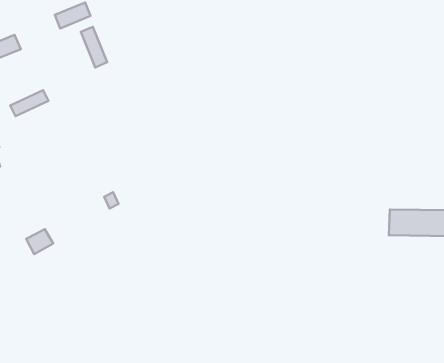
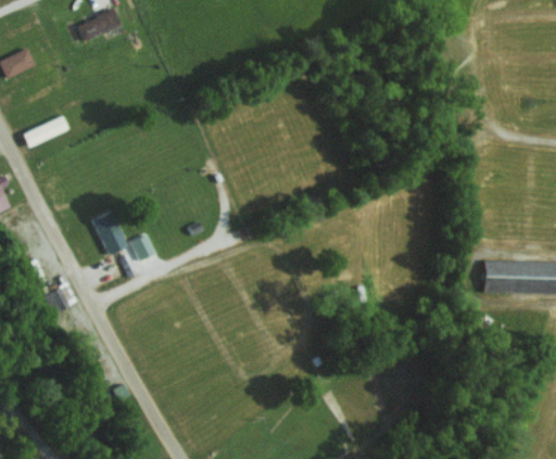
building: [81,27,107,67] -> none
building: none -> [92,212,127,255]

